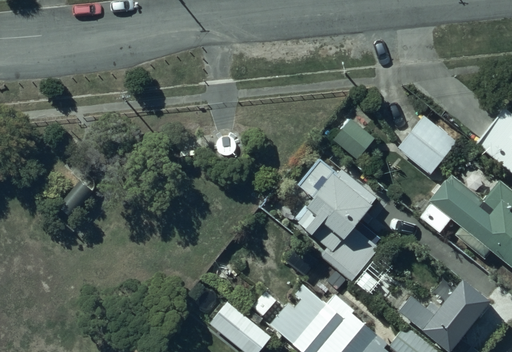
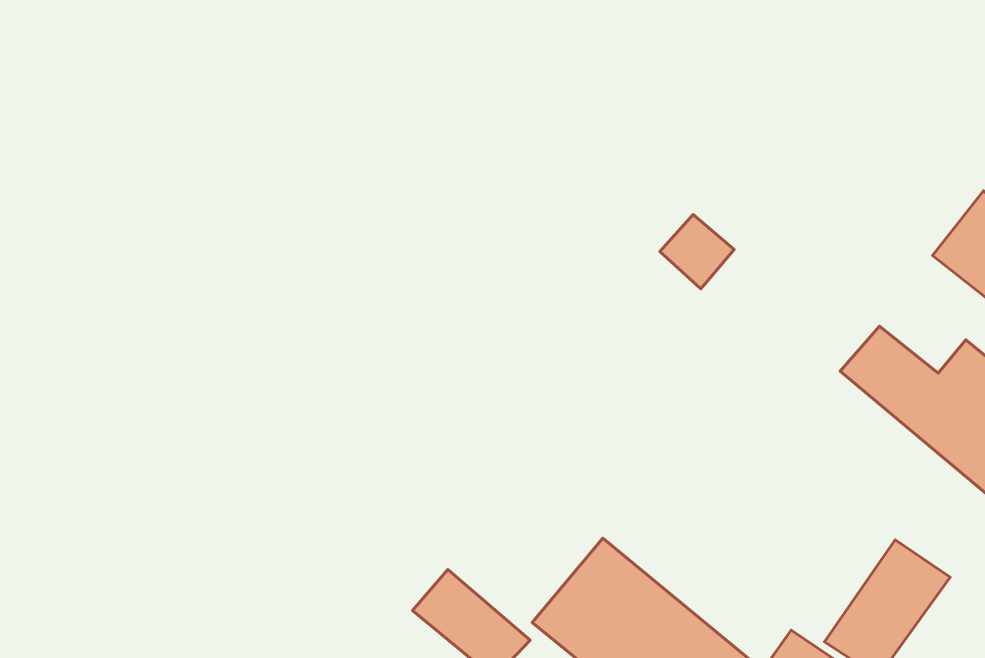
building: [399,115,458,174] -> none
building: [300,181,376,271] -> none

